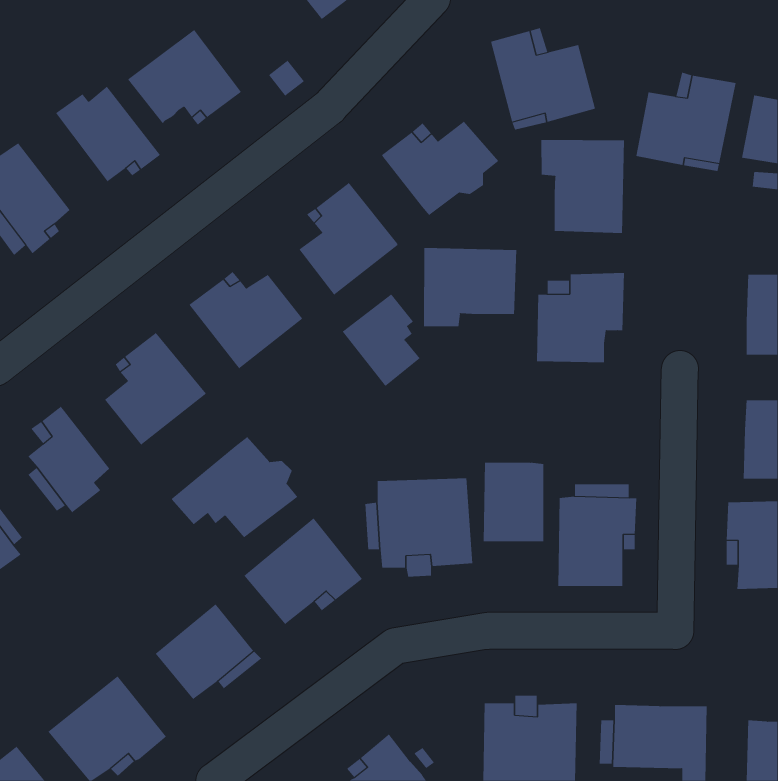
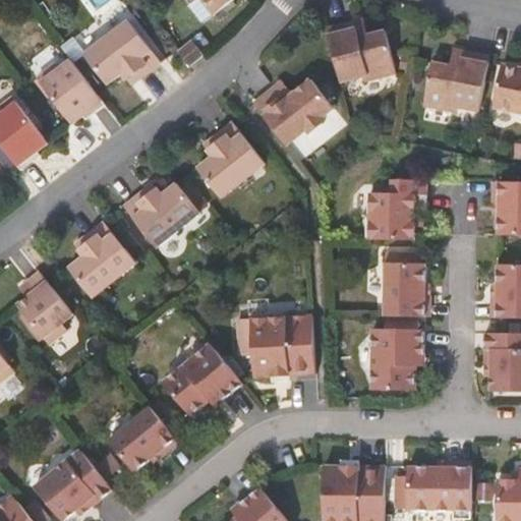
building: [541,139,625,234] -> none
building: [423,247,517,327] -> none
building: [342,294,421,387] -> none
building: [171,436,298,538] -> none
building: [483,462,544,542] -> [382,265,422,317]

